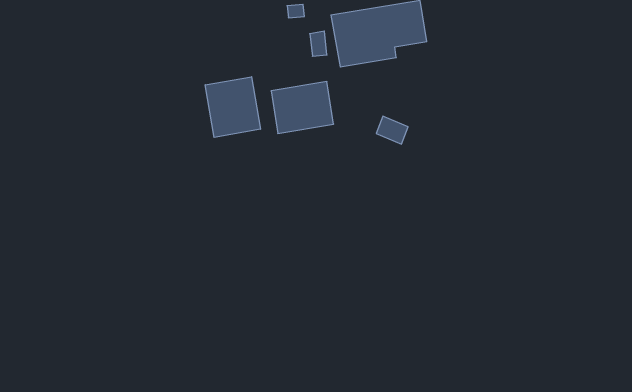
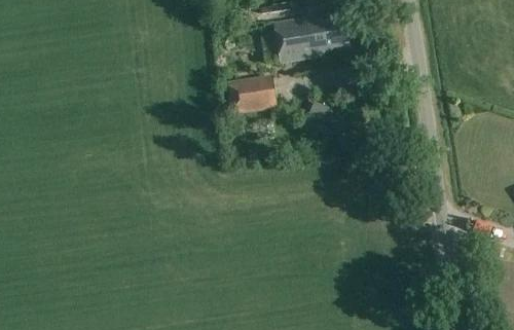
building: [205,77,260,137] -> none

